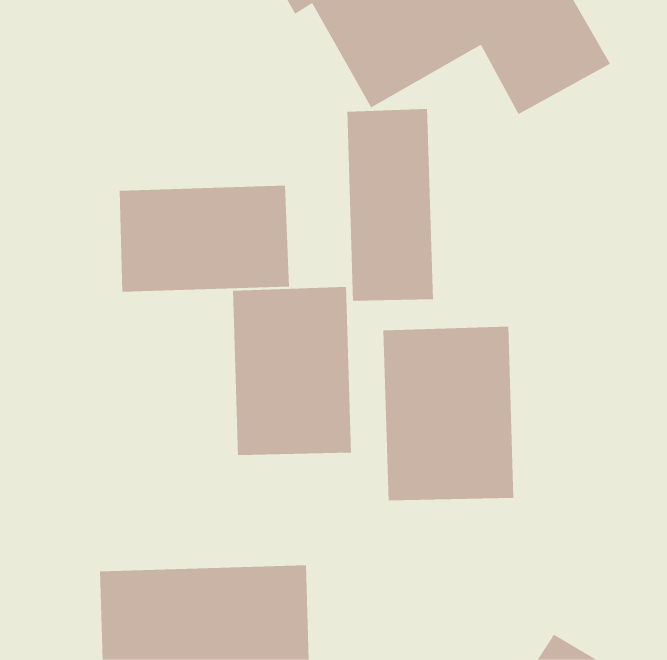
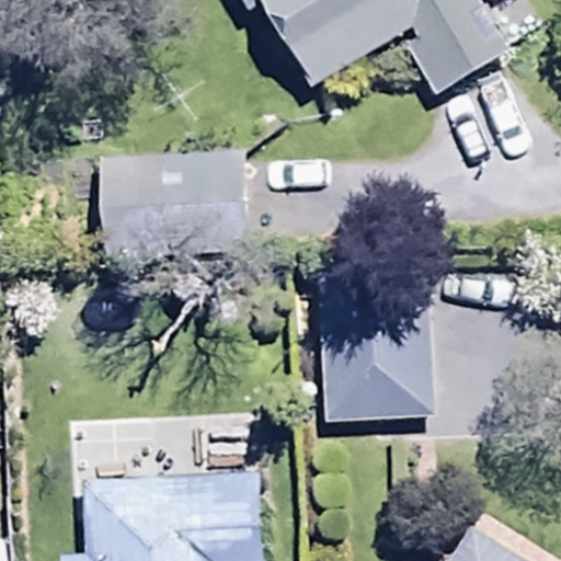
building: [347,108,434,301] -> none
building: [233,286,352,456] -> none

